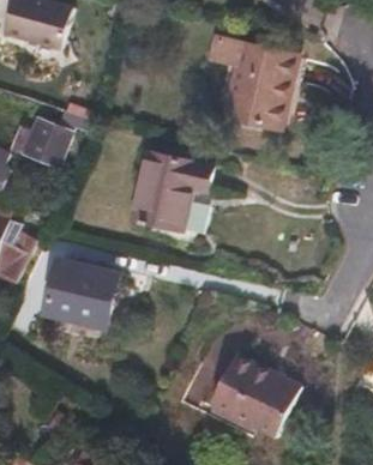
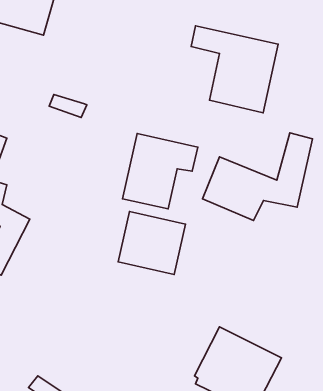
building: [23,120,71,165] -> none
building: none -> [202,133,313,220]
building: [47,261,118,327] -> [118,212,186,275]

